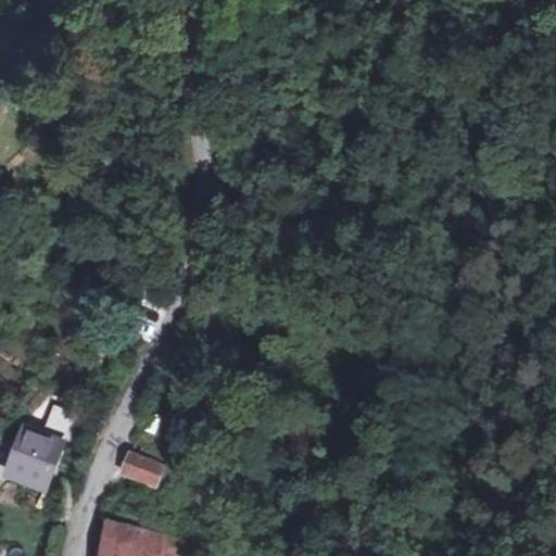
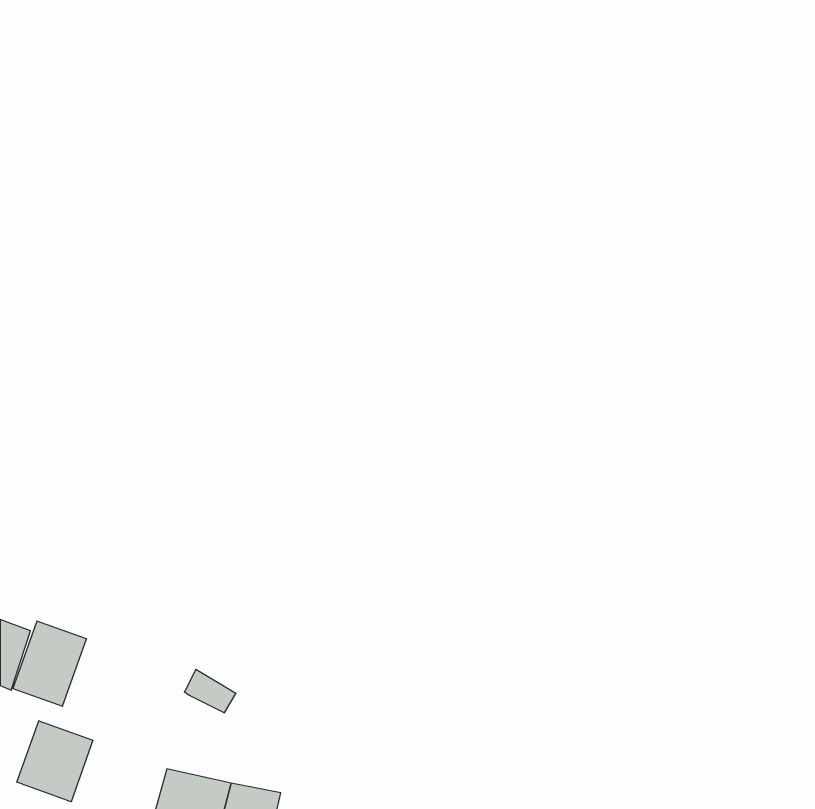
building: none -> [17,721,93,802]

